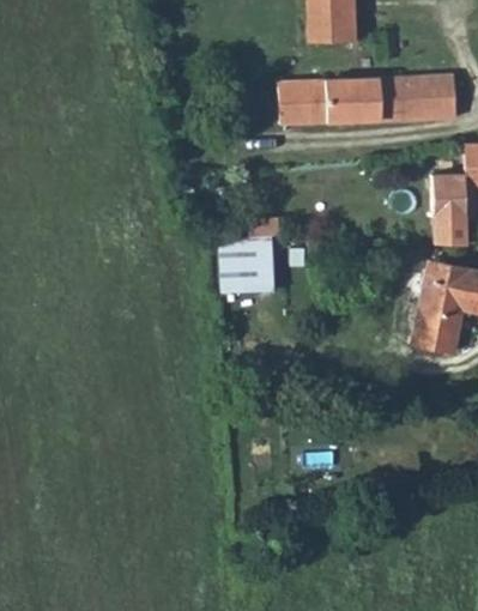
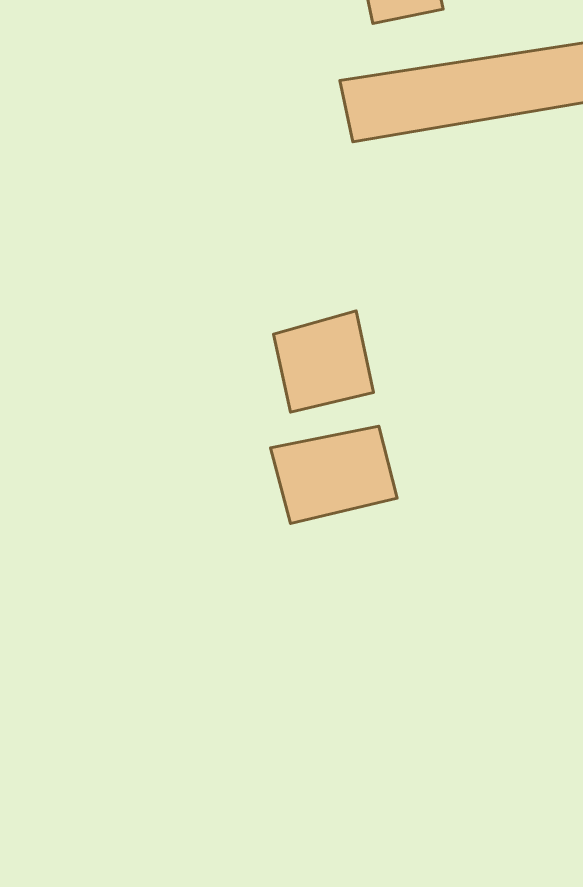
building: none -> [270,426,397,523]

